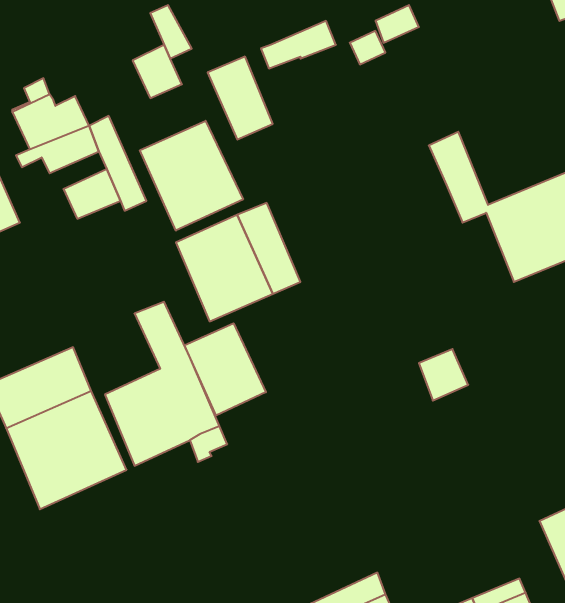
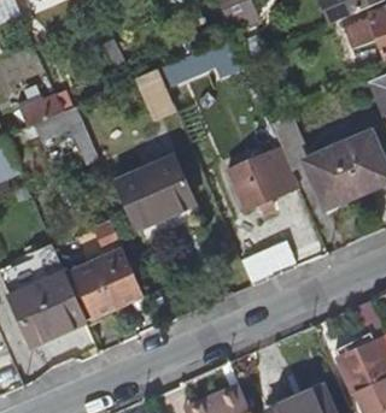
building: [140,121,243,231] -> none
building: none -> [227,147,299,213]
building: [184,323,266,415] -> none

